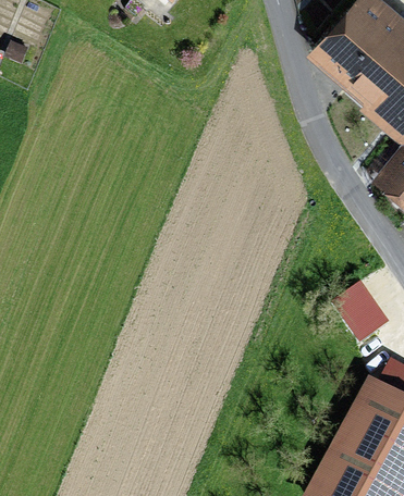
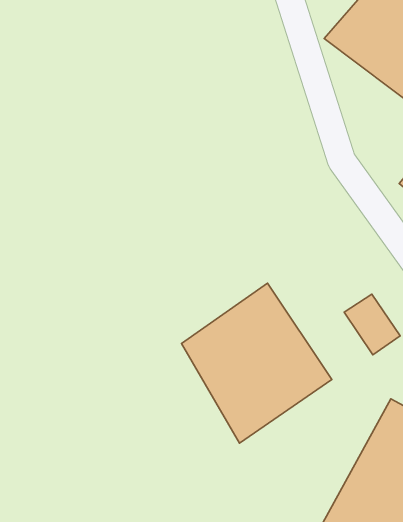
building: none -> [181,283,332,443]

